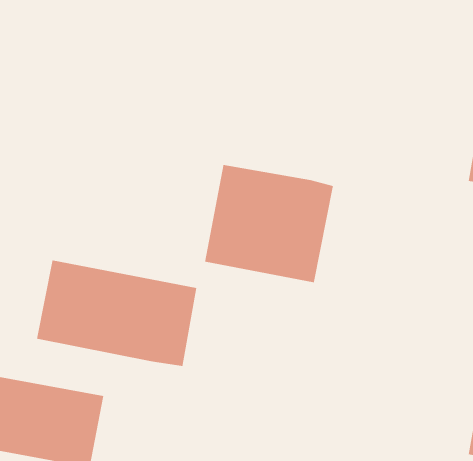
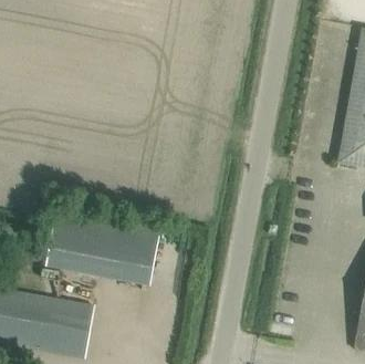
building: [205,164,334,283] -> none

